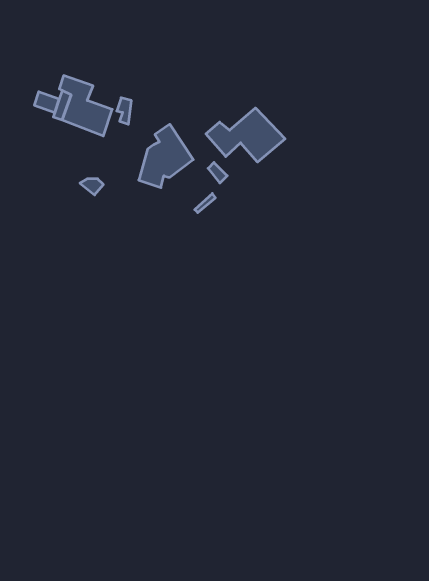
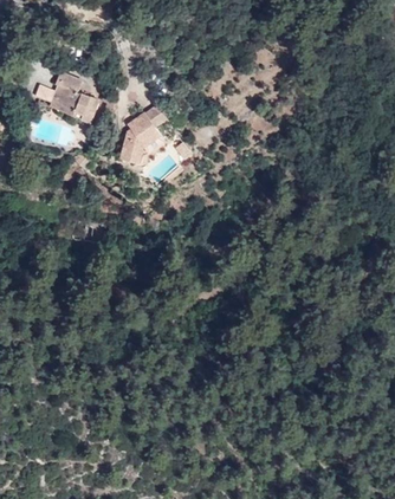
building: [206,108,285,162] -> none

